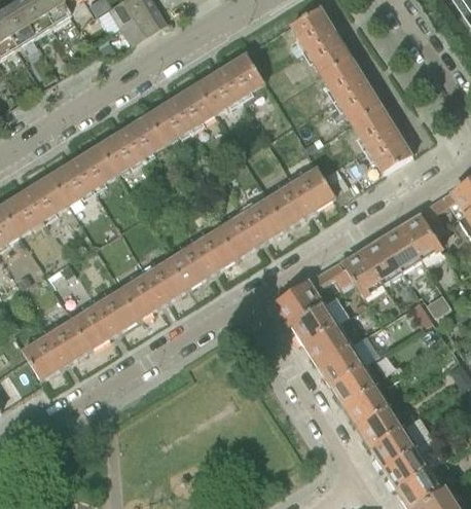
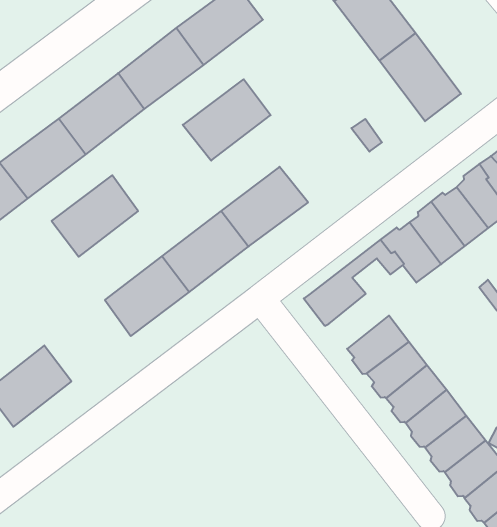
building: [265,168,334,228] -> [183,79,271,161]
building: [70,289,138,350] -> [52,175,138,257]
building: [292,301,339,344] -> none

